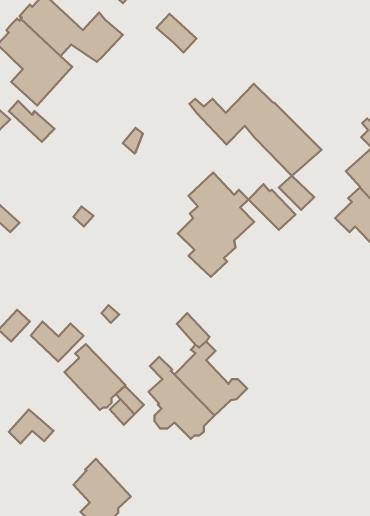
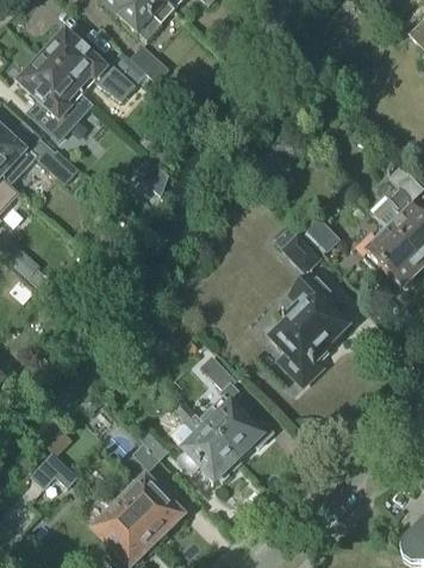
building: [157,14,197,53] -> [127,43,168,82]
building: [190,84,321,176] -> none
building: [178,172,254,277] -> [269,276,347,382]
building: [31,321,83,361] -> none
building: [65,344,126,410] -> [118,474,180,541]

